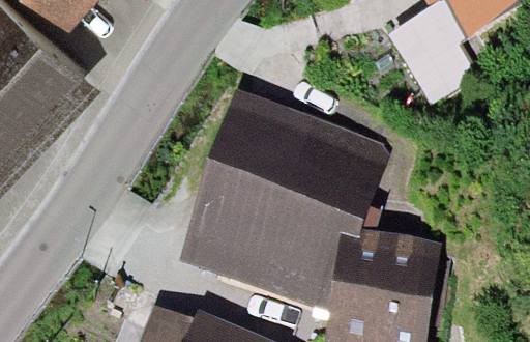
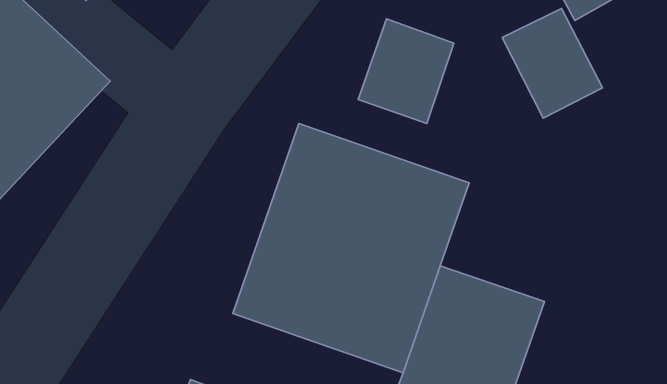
building: none -> [358,19,454,123]

